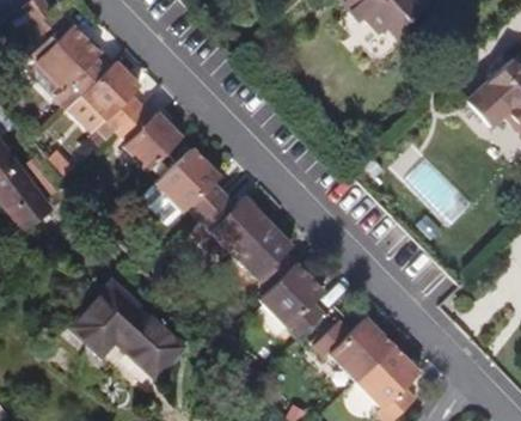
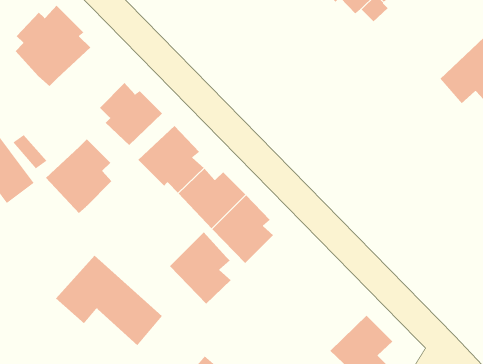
building: [74,61,143,139] -> [45,139,112,214]
building: [262,263,326,338] -> [169,232,232,304]
building: [311,317,393,383] -> none

